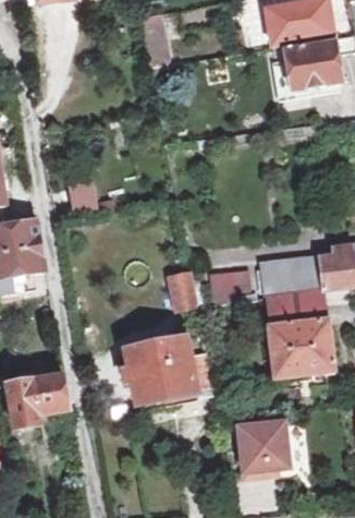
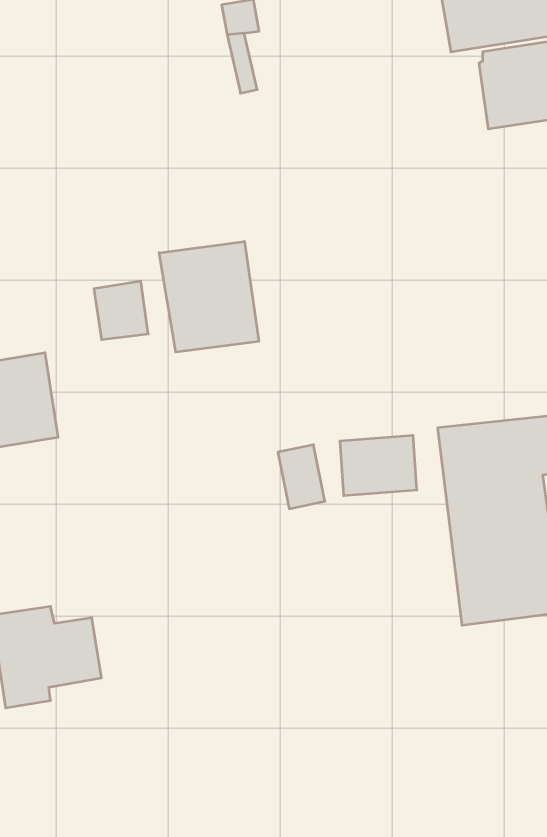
building: none -> [159,241,259,352]
building: [120,335,211,407] -> none
building: [241,420,290,475] -> none

